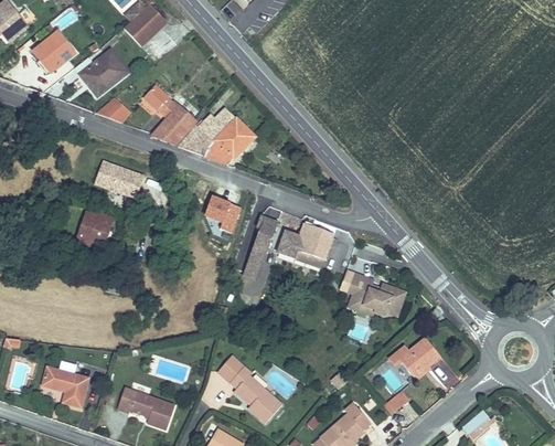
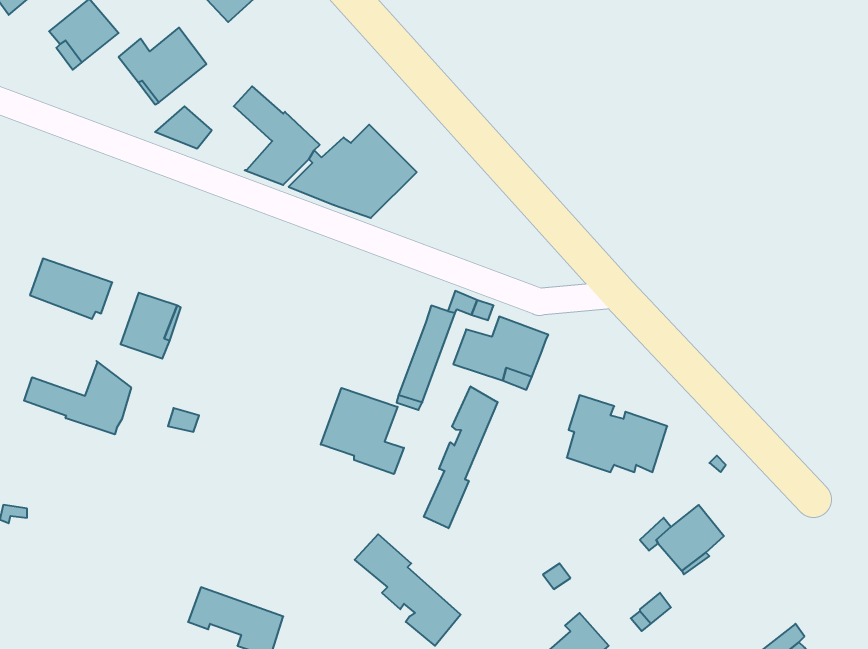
building: [95,161,145,198] -> [30,259,112,319]
building: [202,197,243,233] -> none
building: none -> [24,361,131,434]
building: none -> [424,386,498,528]
building: none -> [321,388,404,474]
building: [42,367,89,407] -> none

